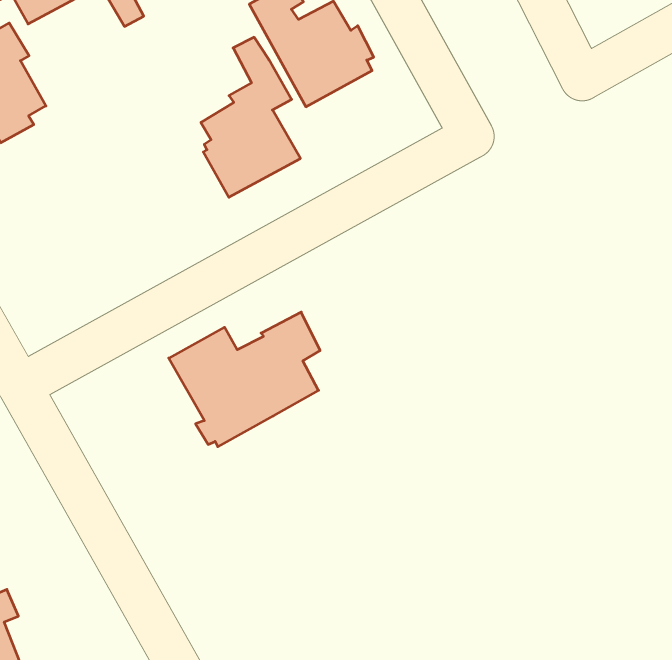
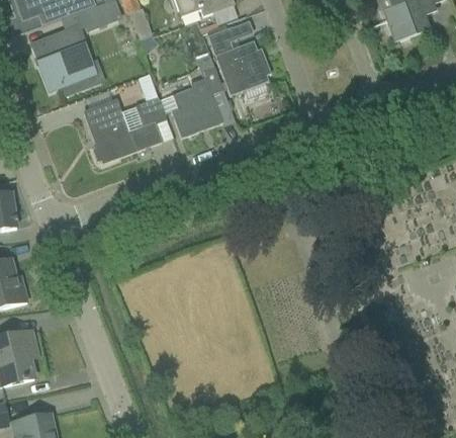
building: [169,312,320,447] -> [83,97,165,163]

